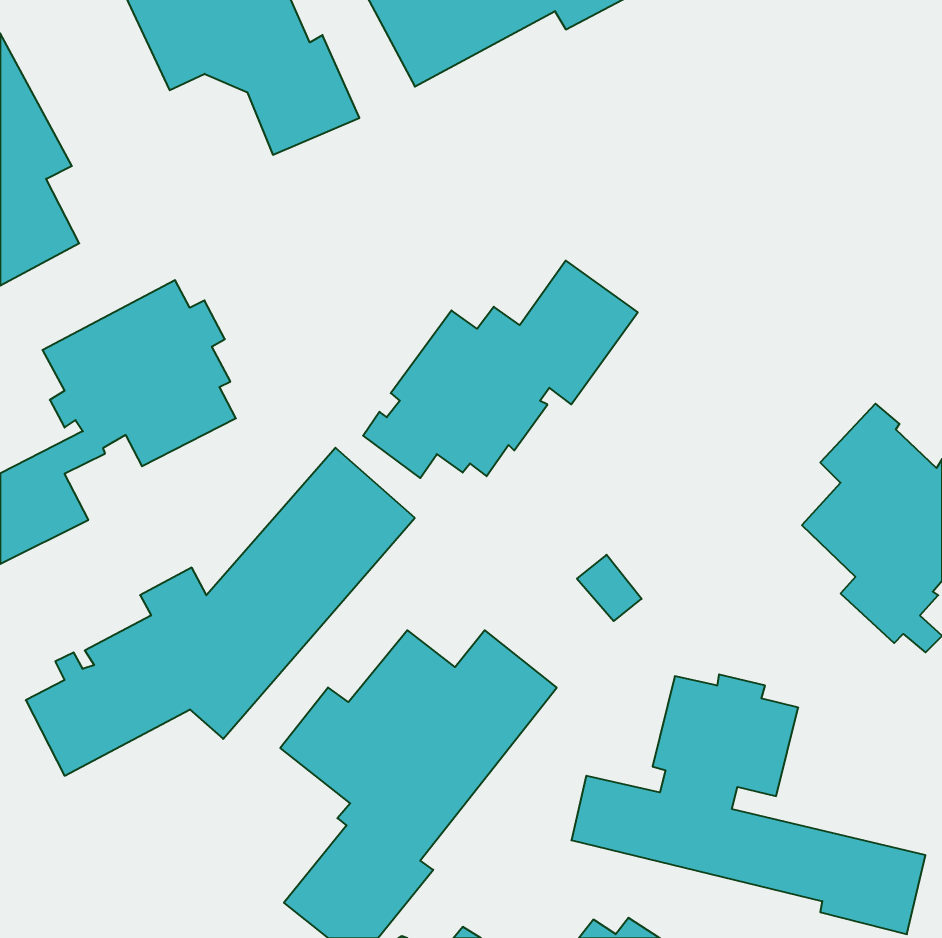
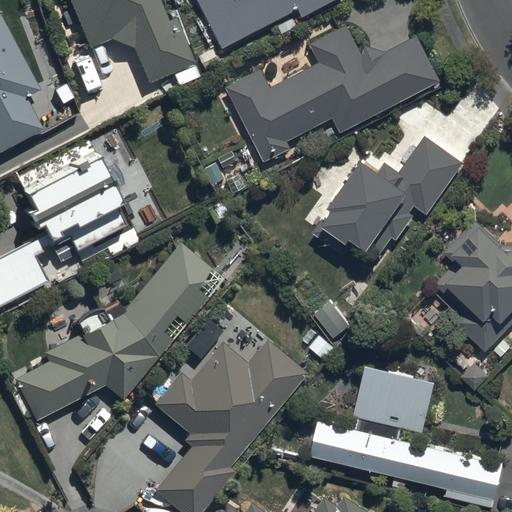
building: none -> [227,25,440,163]
building: [363,261,638,478] -> [314,136,463,254]

